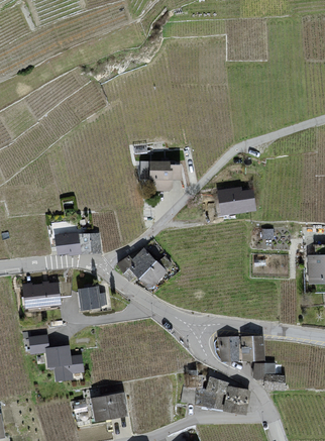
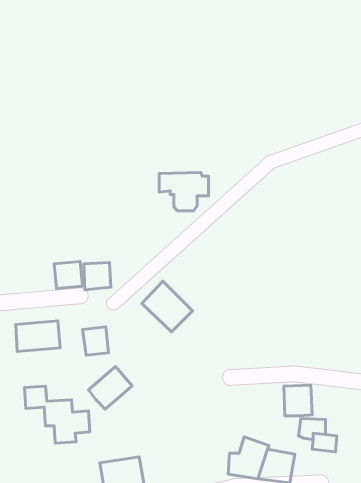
building: [217,187,254,216] -> none
building: none -> [88,366,132,409]
building: [218,334,240,360] -> none

